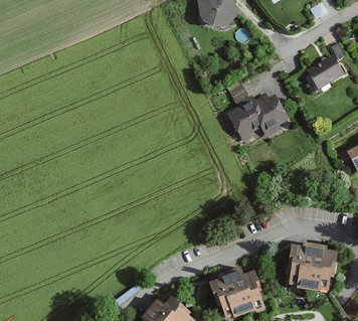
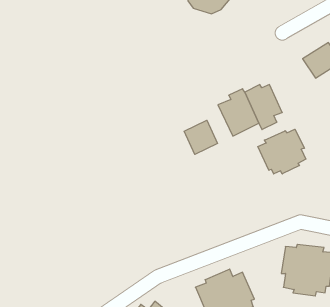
building: none -> [184,120,218,154]
building: none -> [258,129,306,174]

